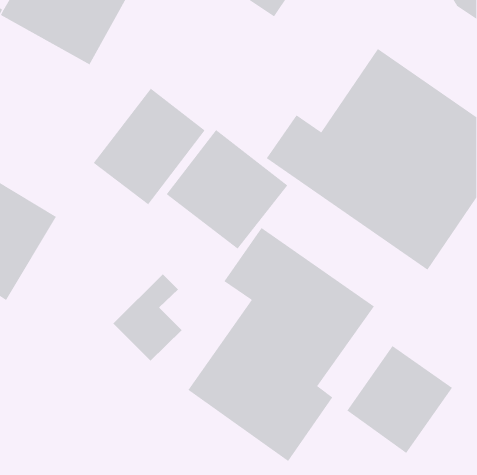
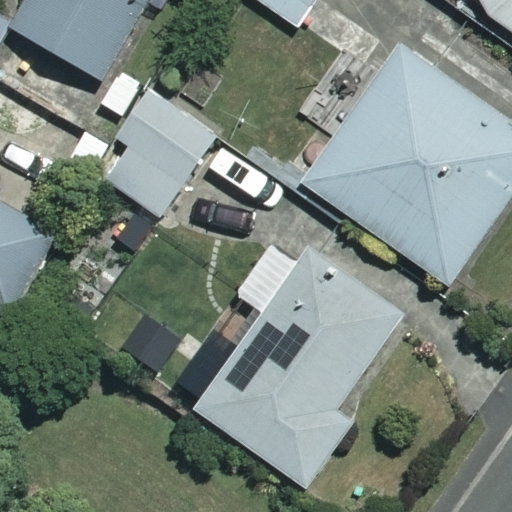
building: [166,129,288,249] -> none
building: [347,345,453,454] -> none

